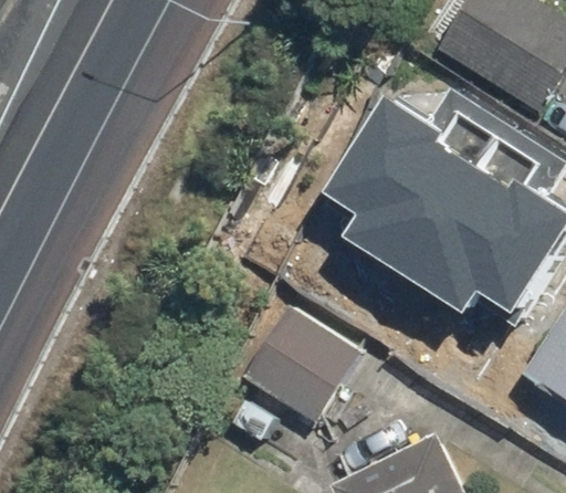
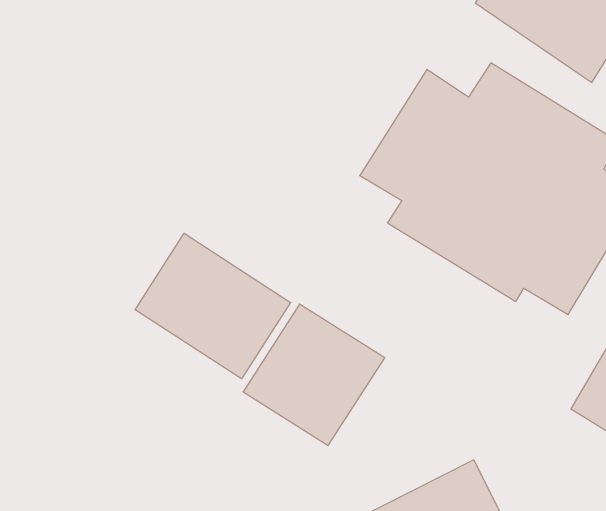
building: none -> [135,233,291,379]

